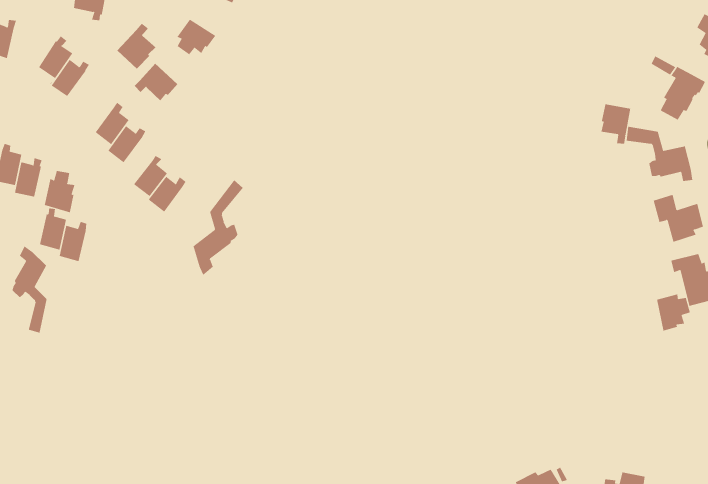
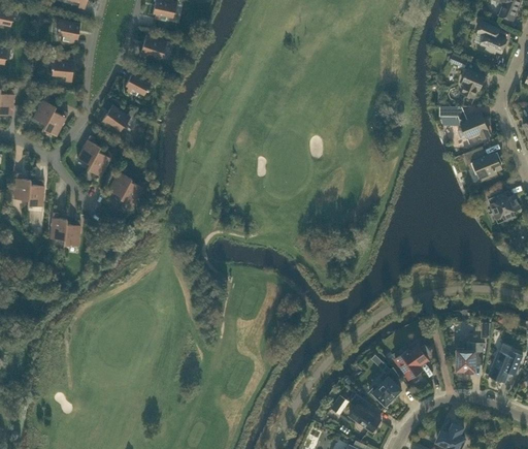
building: [116,23,156,70] -> none
building: [601,103,631,144] -> none
building: [44,170,75,213] -> none
building: [193,180,243,276] -> none
building: [12,245,47,333] -> none
building: [656,294,690,331] -> none

